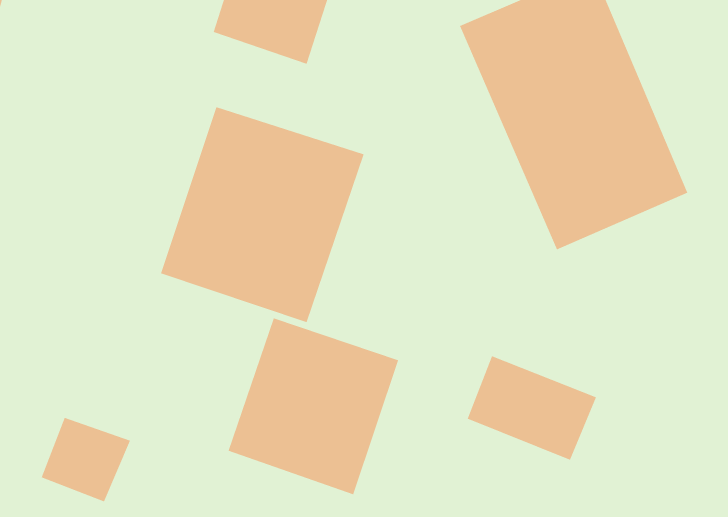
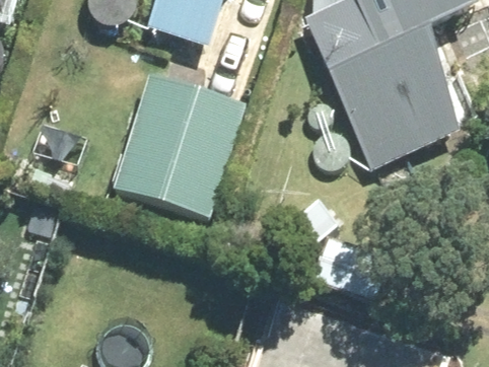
building: [228,318,399,495] -> none

